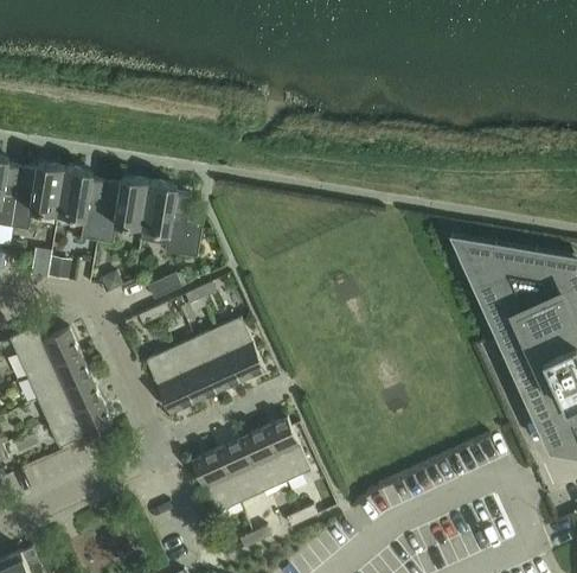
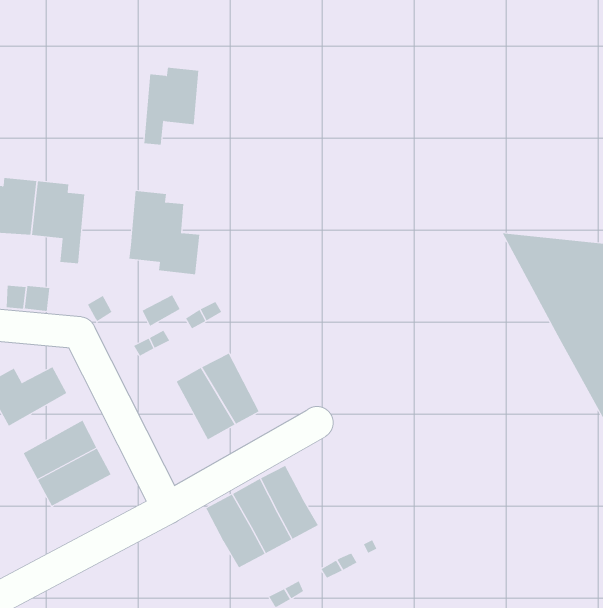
building: [96,178,148,244] -> [143,67,199,145]
building: [219,317,264,380] -> none
building: [145,349,195,413] -> none
building: [26,352,90,401] -> none
building: [261,416,309,480] -> none

